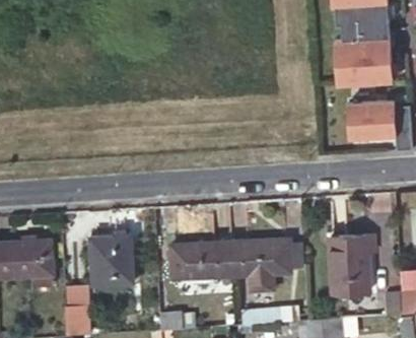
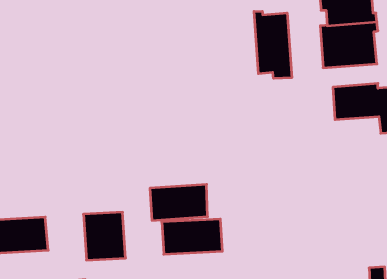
building: none -> [254,11,292,78]
building: [328,232,372,293] -> none
building: [230,238,290,275] -> [150,184,208,220]

